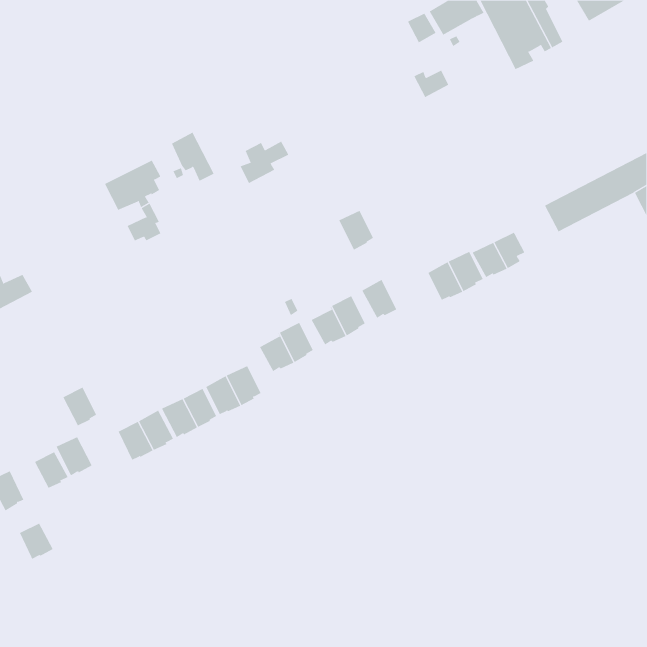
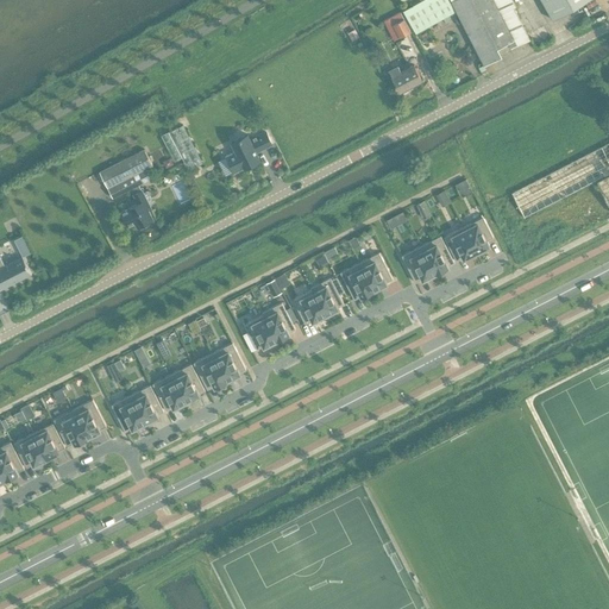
building: [338,210,374,251] -> [358,253,391,291]
building: [62,387,97,426] -> [73,401,105,438]
building: [19,523,53,559] -> [13,434,45,469]

